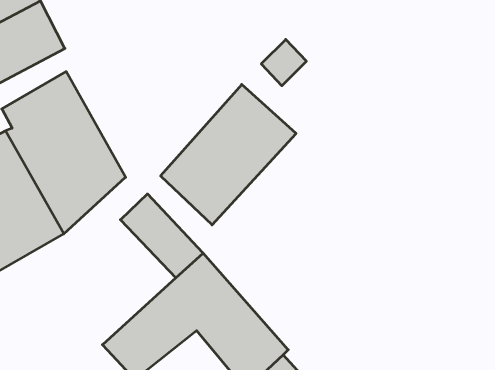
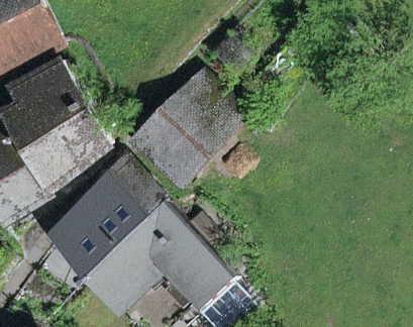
building: none -> [51,177,143,275]

